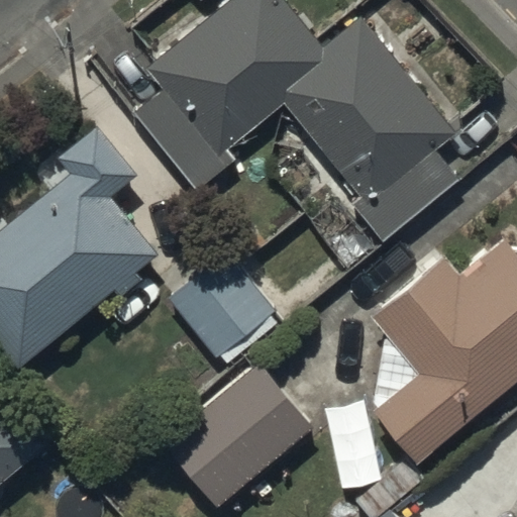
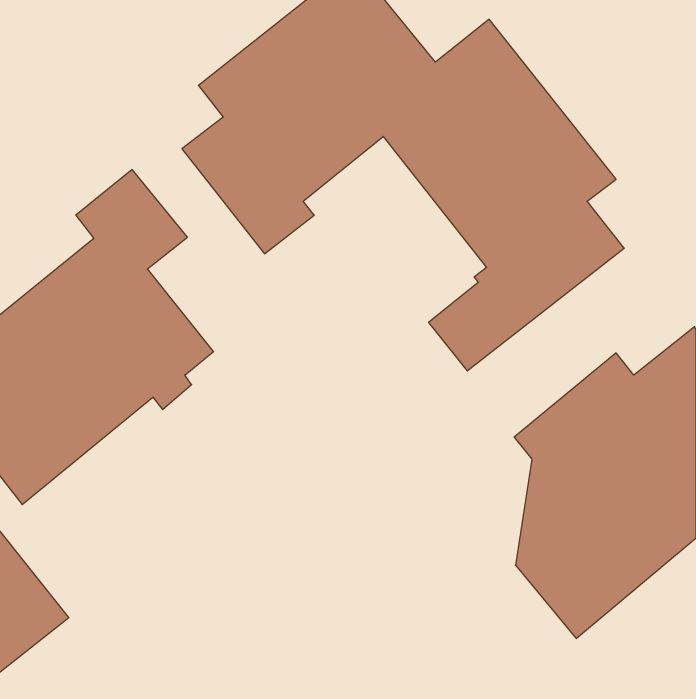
building: [167,258,277,358] -> none
building: [167,363,315,507] -> none

